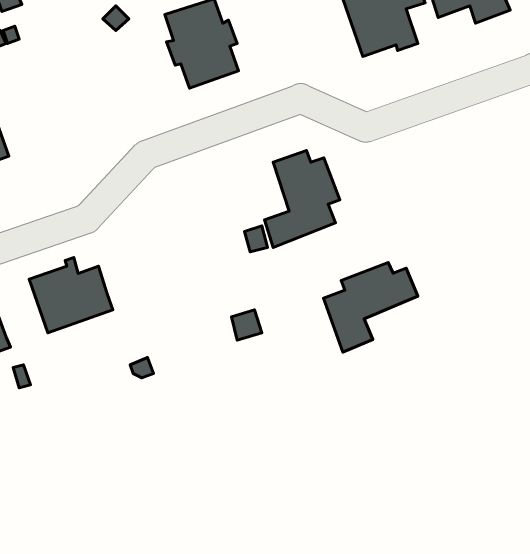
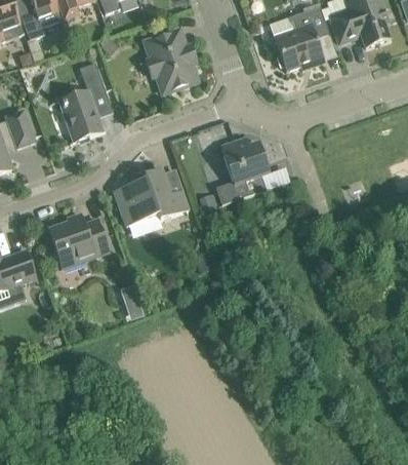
building: none -> [58,61,105,141]
building: none -> [114,167,188,225]
building: [324,262,418,352] -> none

